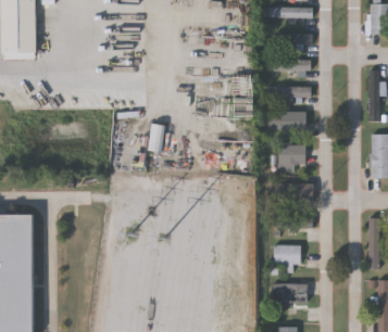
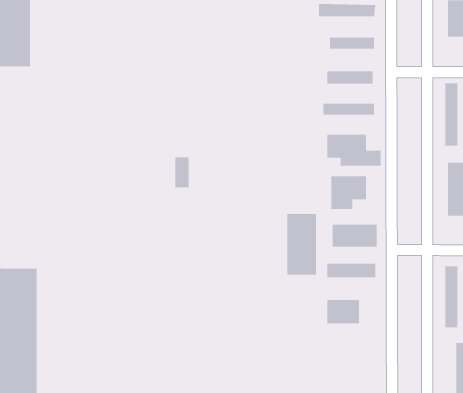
building: none -> [287,213,317,275]
building: [267,280,305,298] -> none

